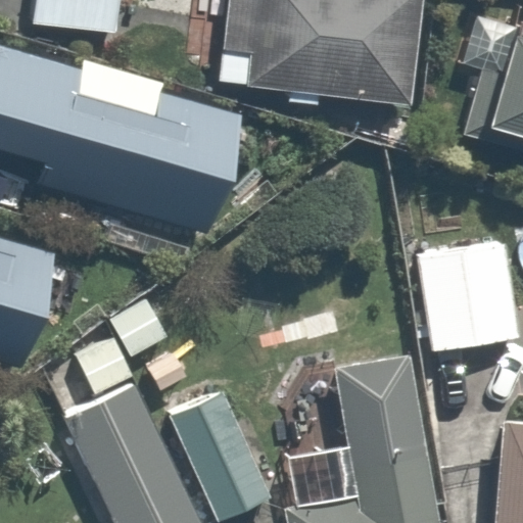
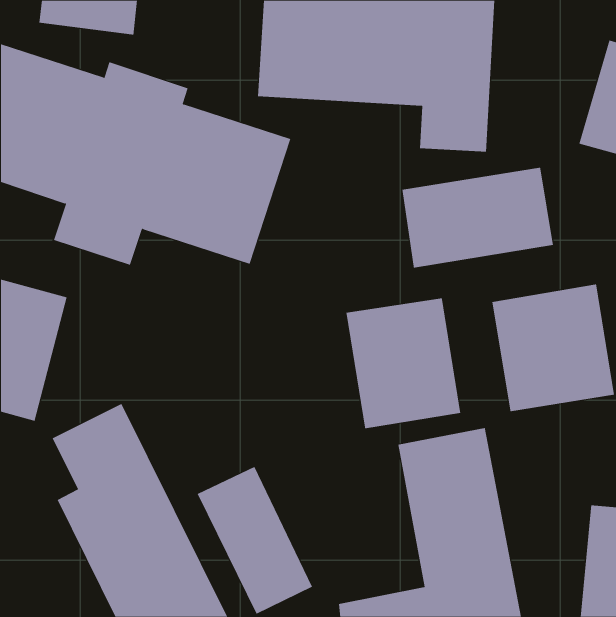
building: none -> [402,167,554,268]
building: none -> [346,298,461,429]

